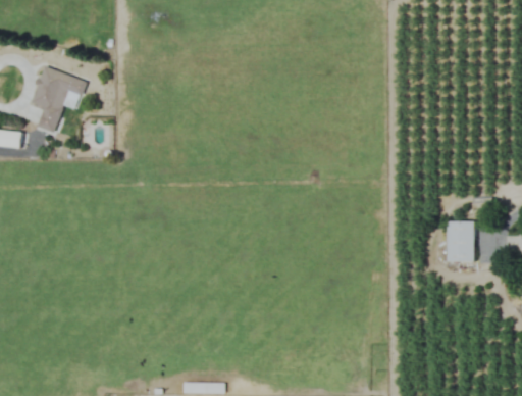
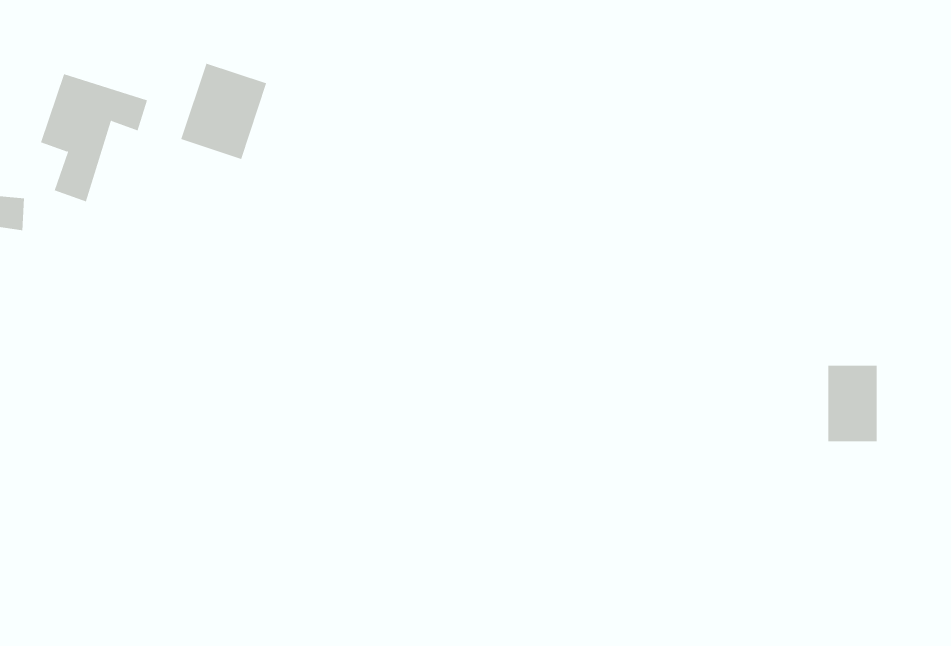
building: none -> [181,63,267,160]

